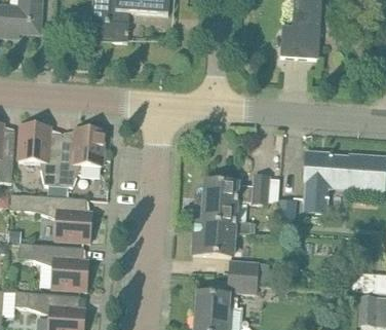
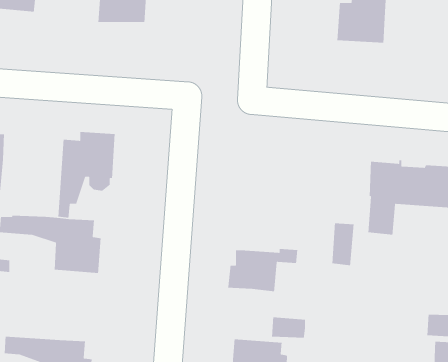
building: [18,124,62,196] -> none
building: [203,175,269,224] -> none
building: [18,243,89,290] -> none
building: [229,260,269,286] -> none

